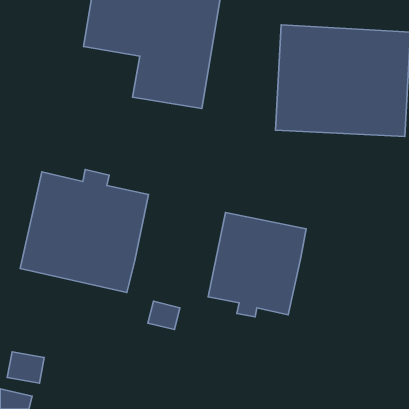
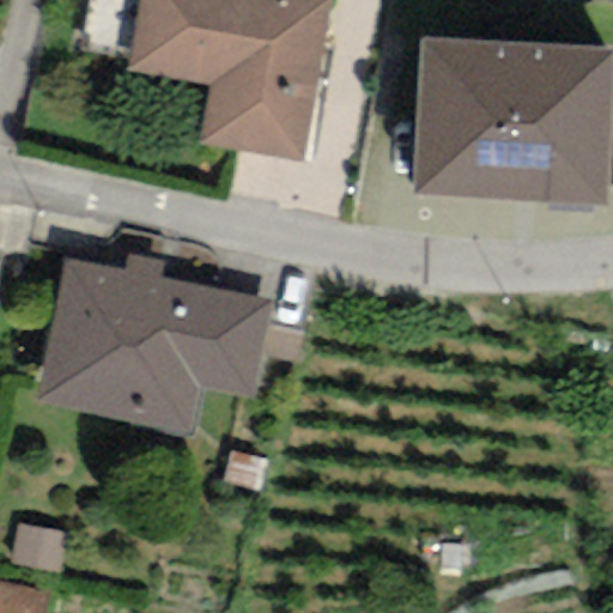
building: none -> [204,290,274,399]
building: [208,212,306,317] -> none

